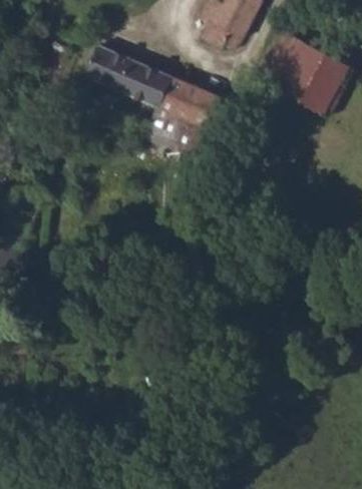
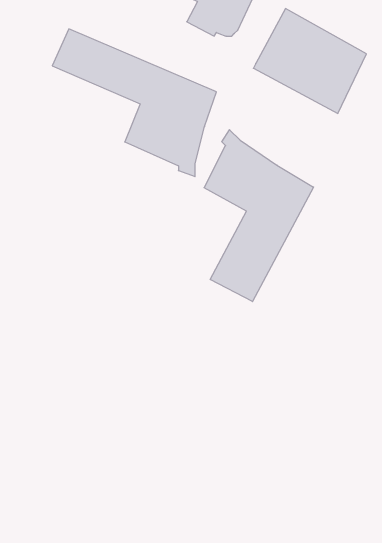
building: none -> [204,130,314,302]

